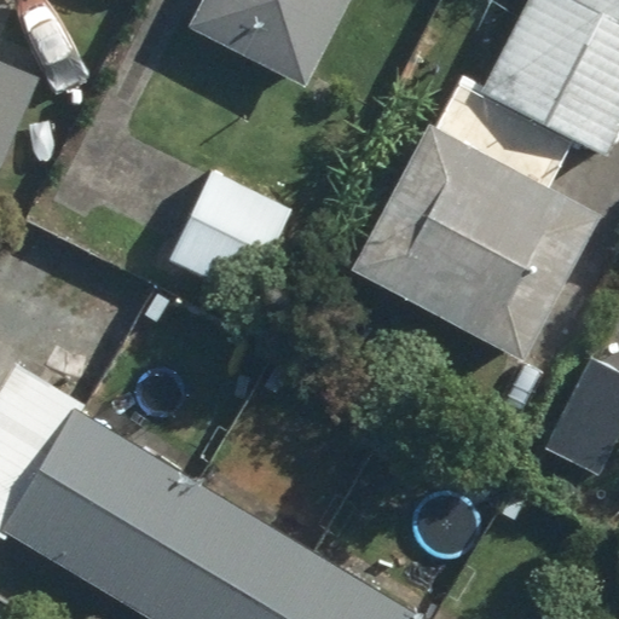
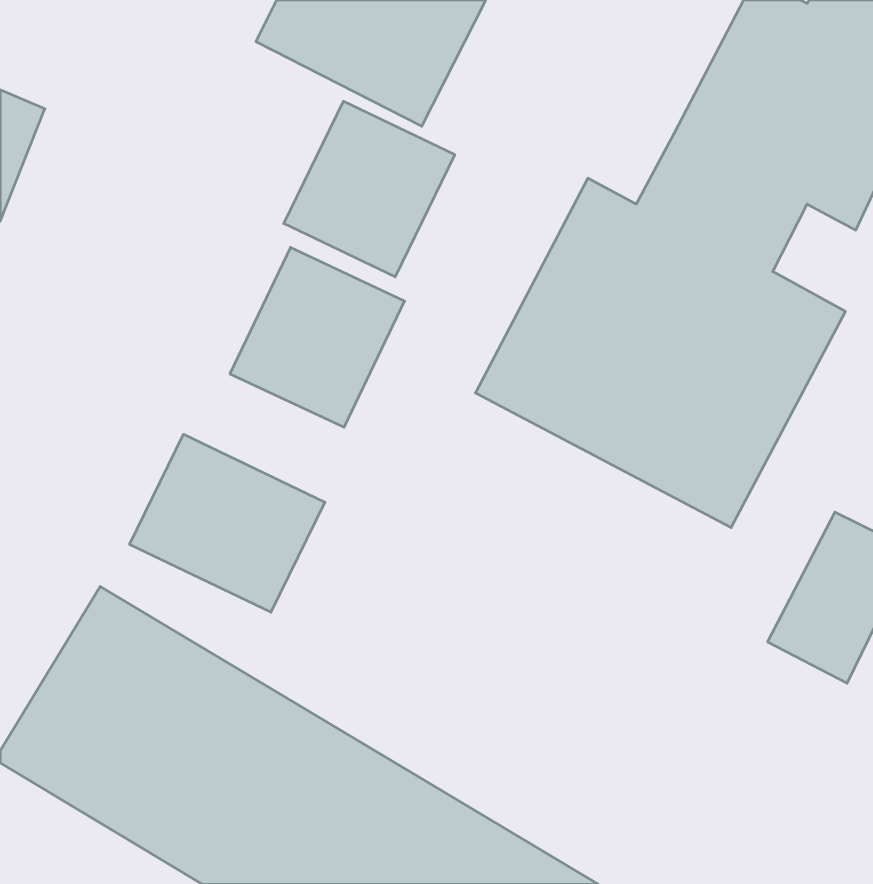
building: none -> [284,101,455,277]
building: none -> [130,434,325,612]

